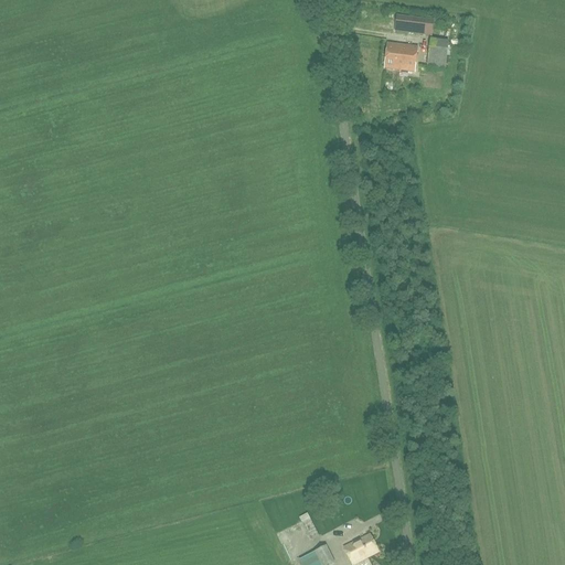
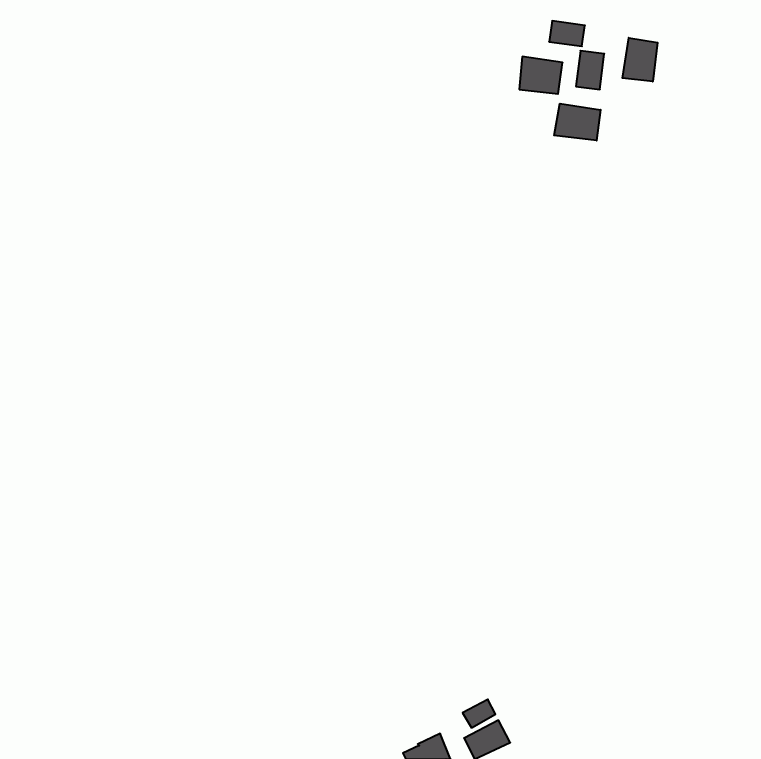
building: none -> [622,38,658,82]
building: none -> [554,104,601,141]

